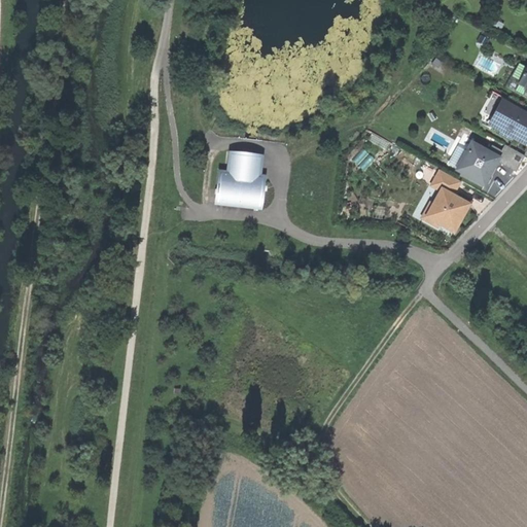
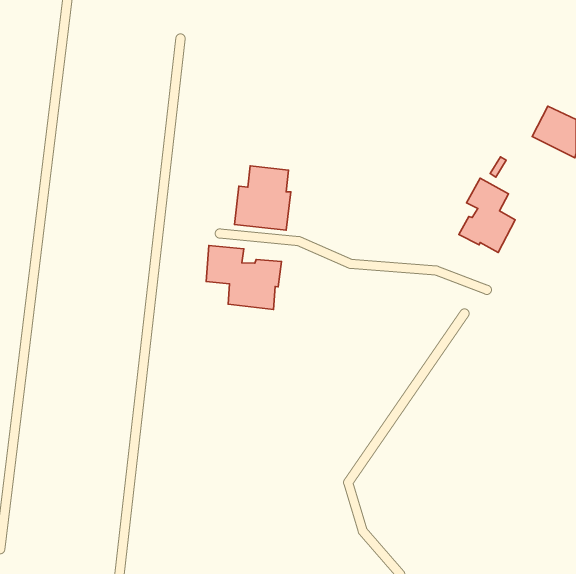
building: [456,139,500,183] -> none
building: none -> [206,245,282,310]

